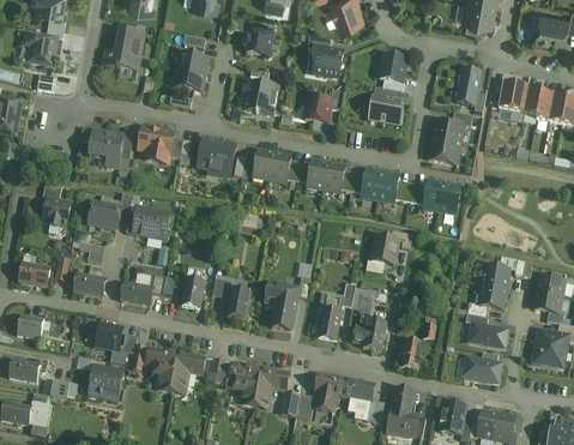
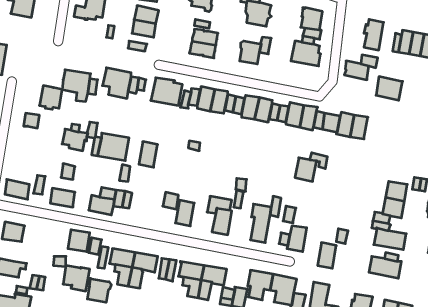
building: [428,136,460,164] -> [376,77,403,100]
building: [42,198,70,227] -> [39,86,62,109]
building: [181,277,204,308] -> [139,142,158,167]
building: none -> [87,278,111,302]

